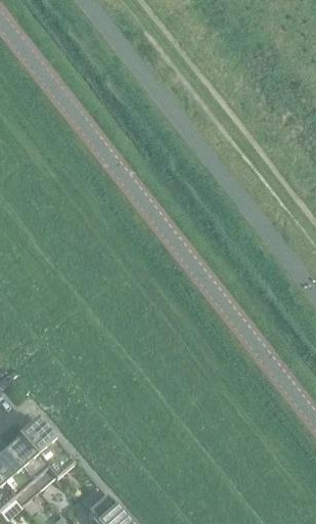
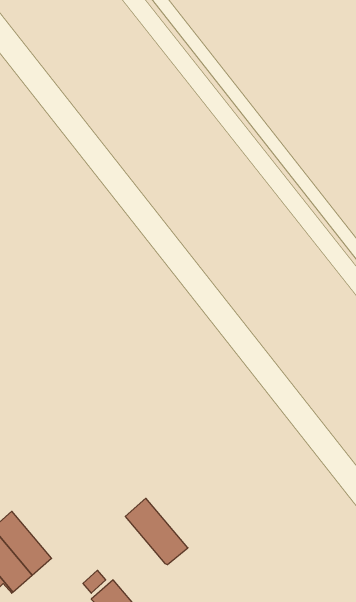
building: [19,420,73,476] -> [125,498,188,565]

